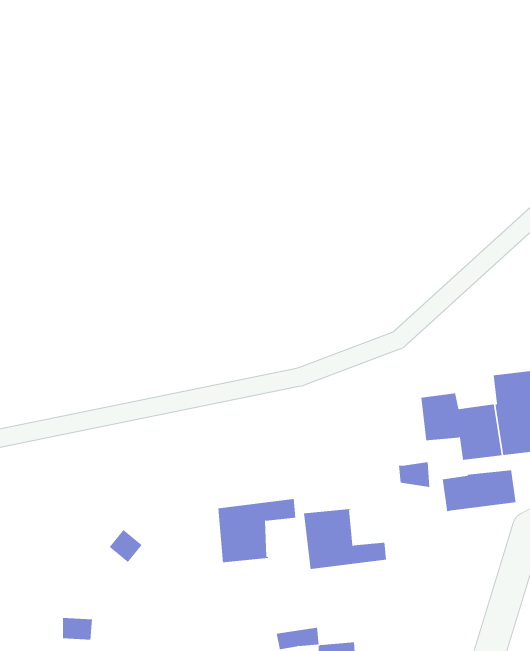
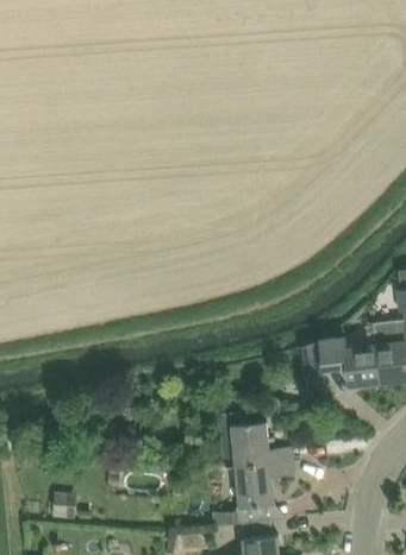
building: [442,469,516,512] -> none
building: [218,499,296,563] -> [236,460,294,507]

